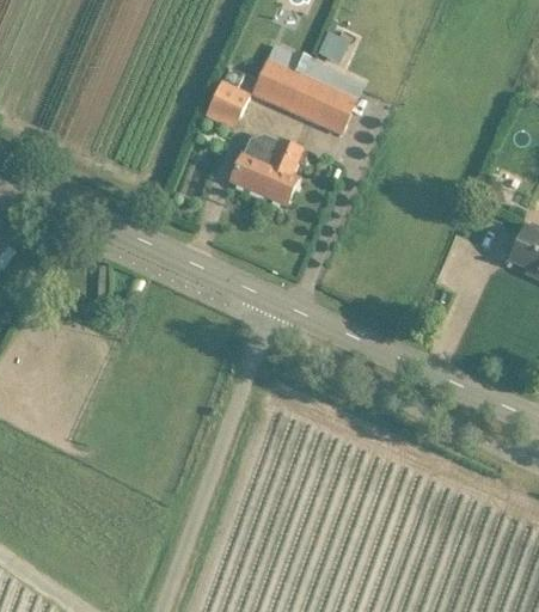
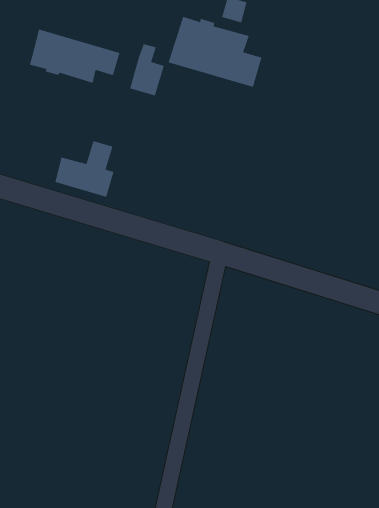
building: none -> [29,29,120,84]
building: [232,140,301,204] -> [54,140,115,198]

